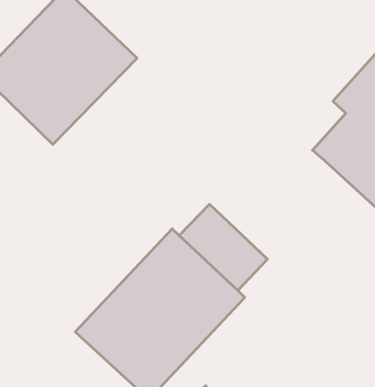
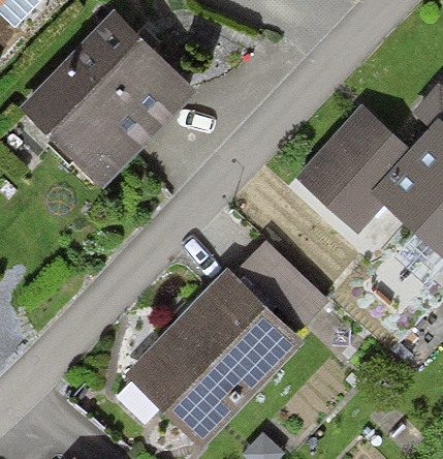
building: none -> [294,104,409,232]

